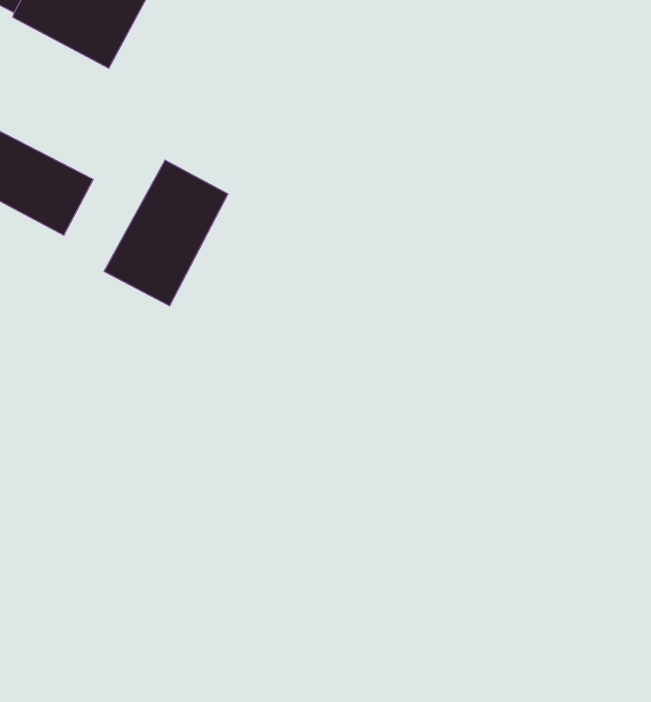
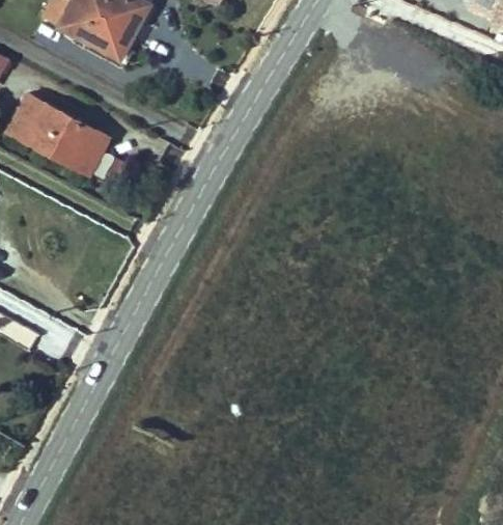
building: [104,160,228,306] -> none

